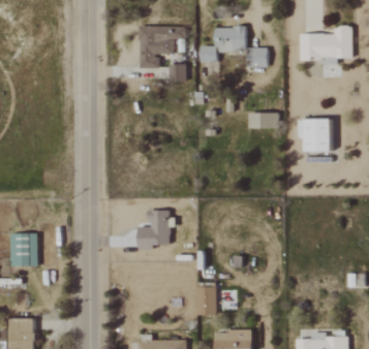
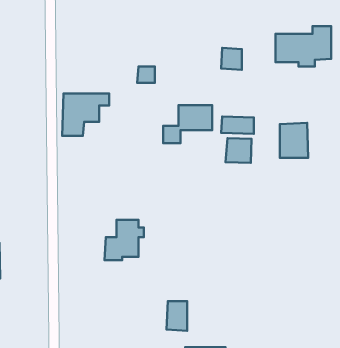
building: [199,26,246,62] -> [163,105,212,143]
building: [139,27,183,67] -> [62,94,109,136]
building: none -> [225,138,252,163]

